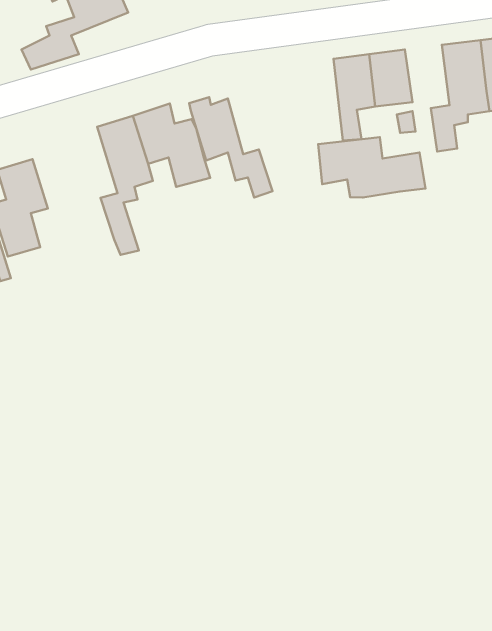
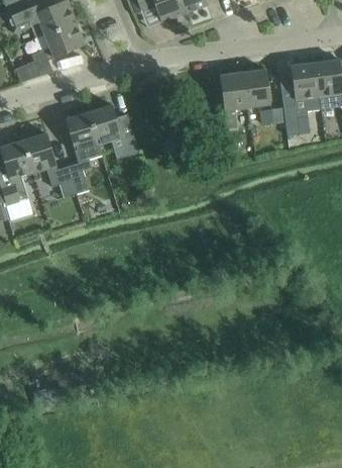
building: [189,97,273,197] -> [21,131,76,197]
building: [318,137,425,197] -> none

